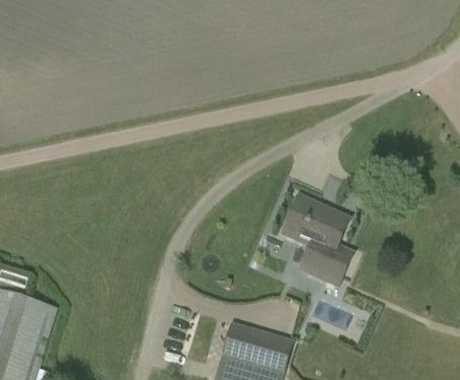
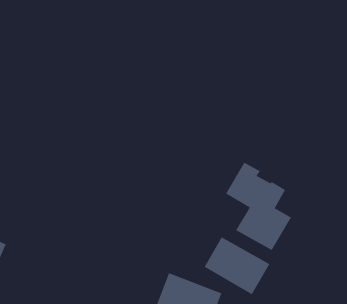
building: none -> [204,237,270,295]

